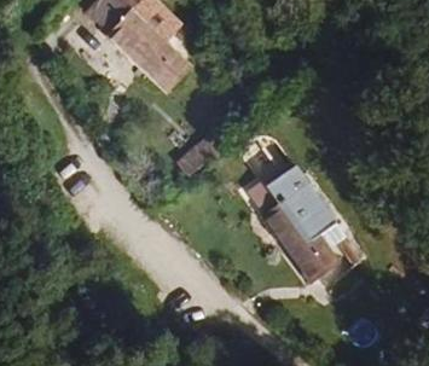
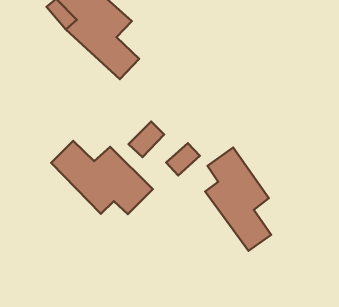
building: none -> [51,141,153,214]

